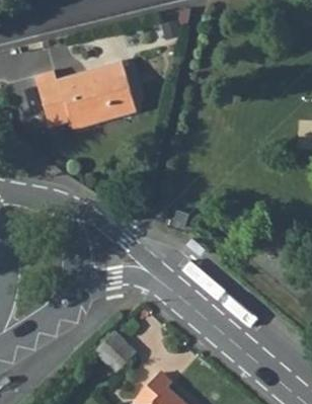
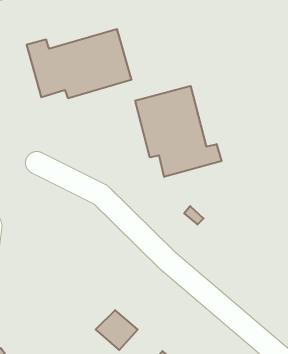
building: none -> [135,86,221,177]

